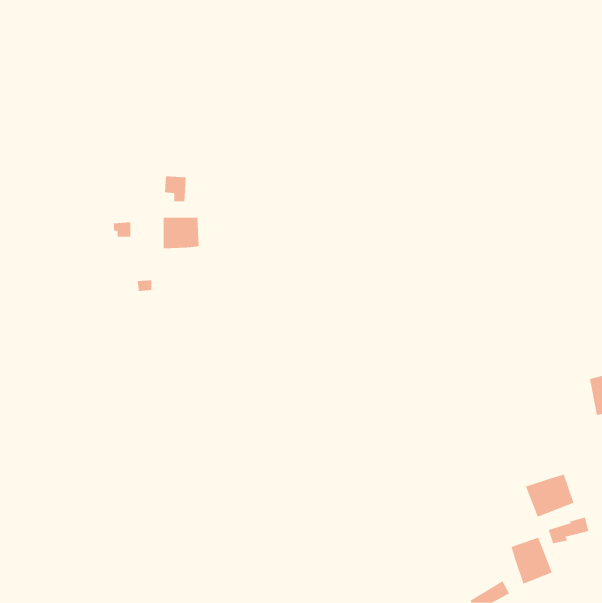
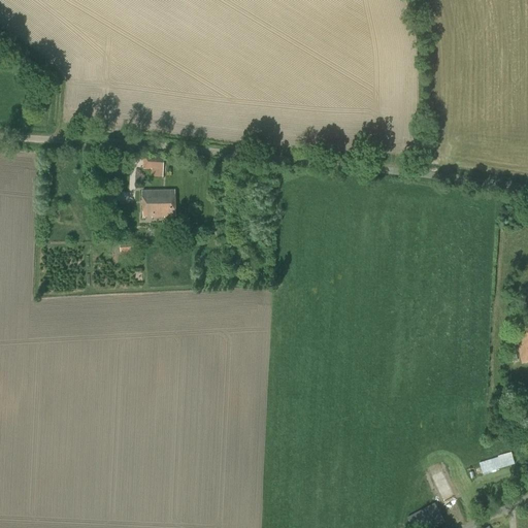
building: [525,474,574,517] -> none
building: [511,537,553,584] -> none

